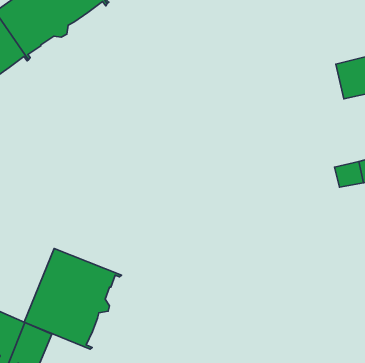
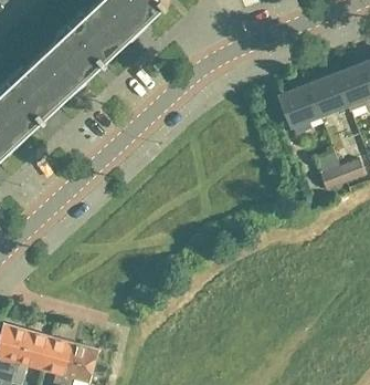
building: none -> [279,85,319,125]
building: [24,249,121,349] -> none

